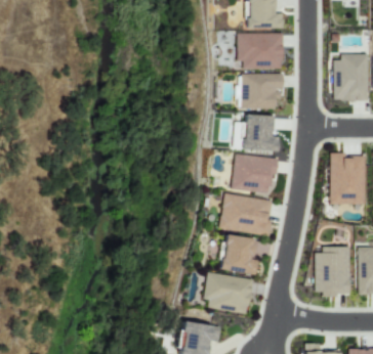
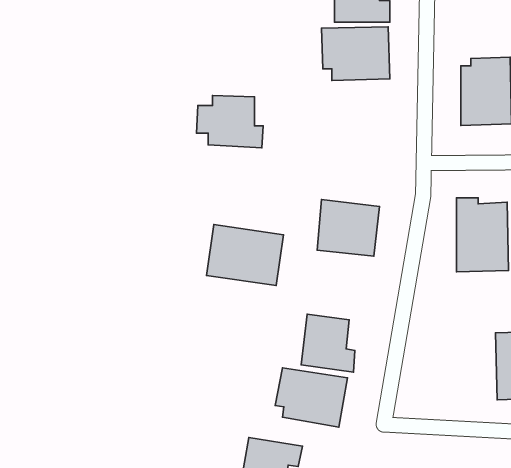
building: [241,73,283,109] -> none
building: [234,115,281,151] -> [197,95,263,148]
building: [220,193,275,236] -> [207,225,284,286]
building: [316,247,351,295] -> none

